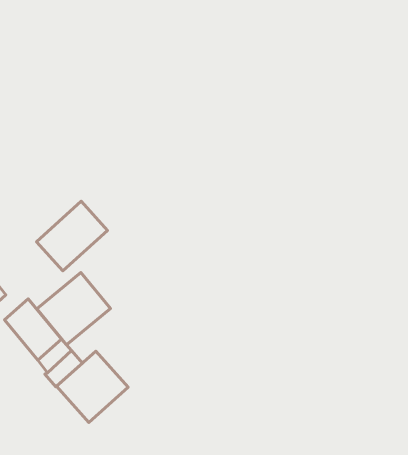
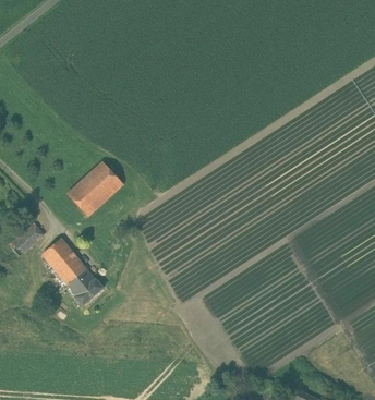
building: [37,273,110,345] -> none
building: [57,351,128,422] -> none

